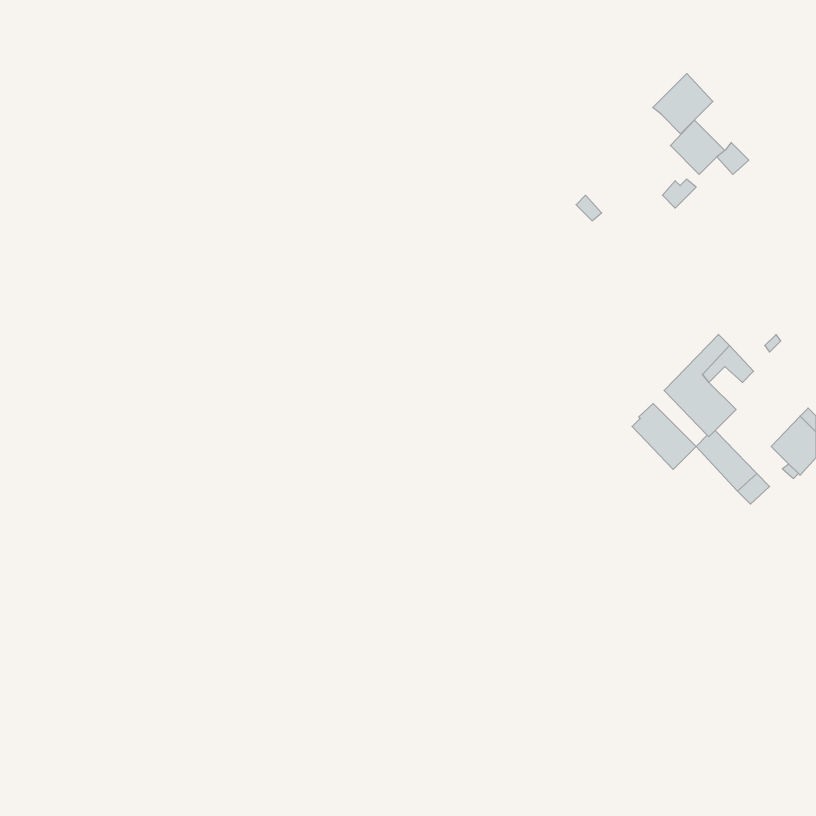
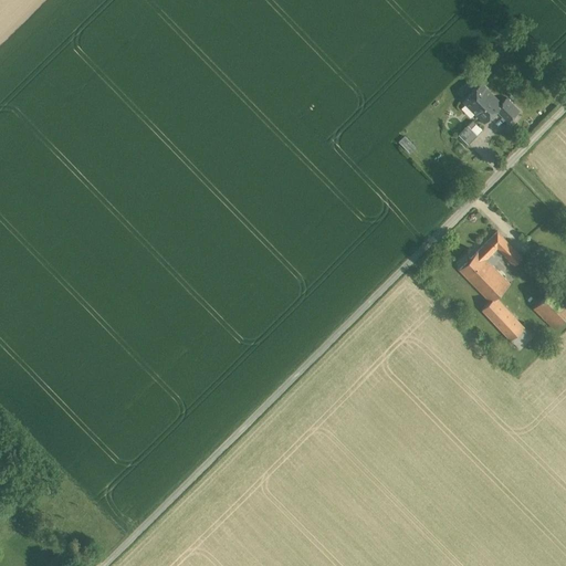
building: [653,74,713,134] -> none
building: [632,404,696,469] -> none

